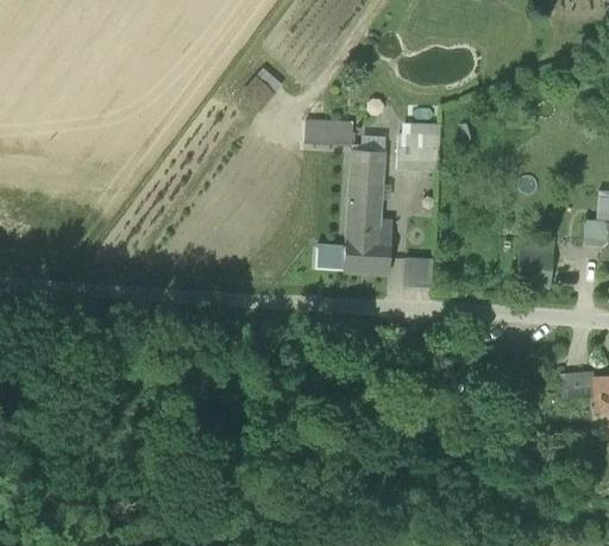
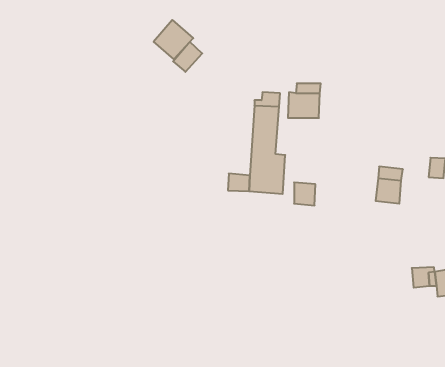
building: none -> [154,20,193,59]
building: [304,120,353,146] -> none

